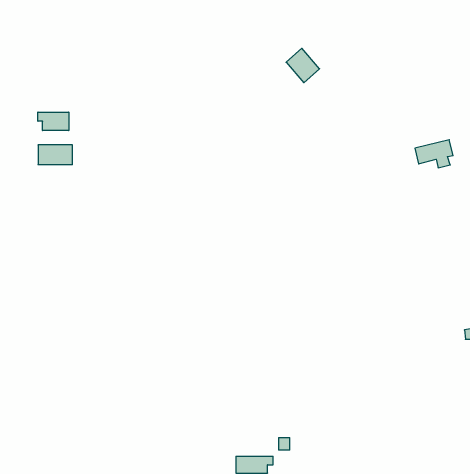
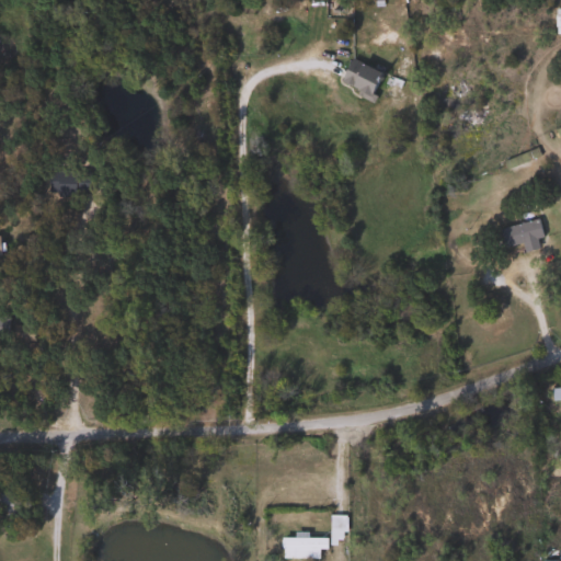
building: [38,112,69,131] -> none
building: [415,140,453,168] -> [500,219,545,252]

